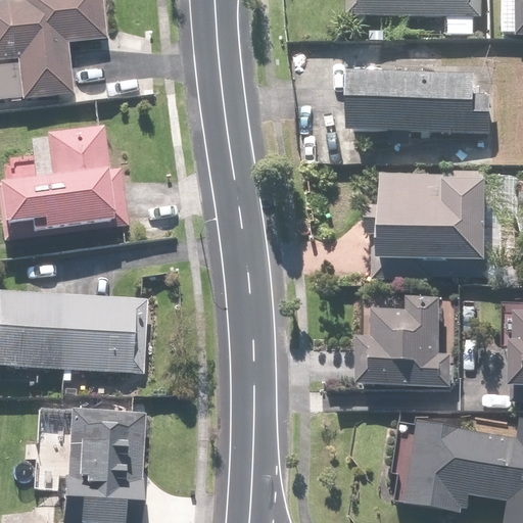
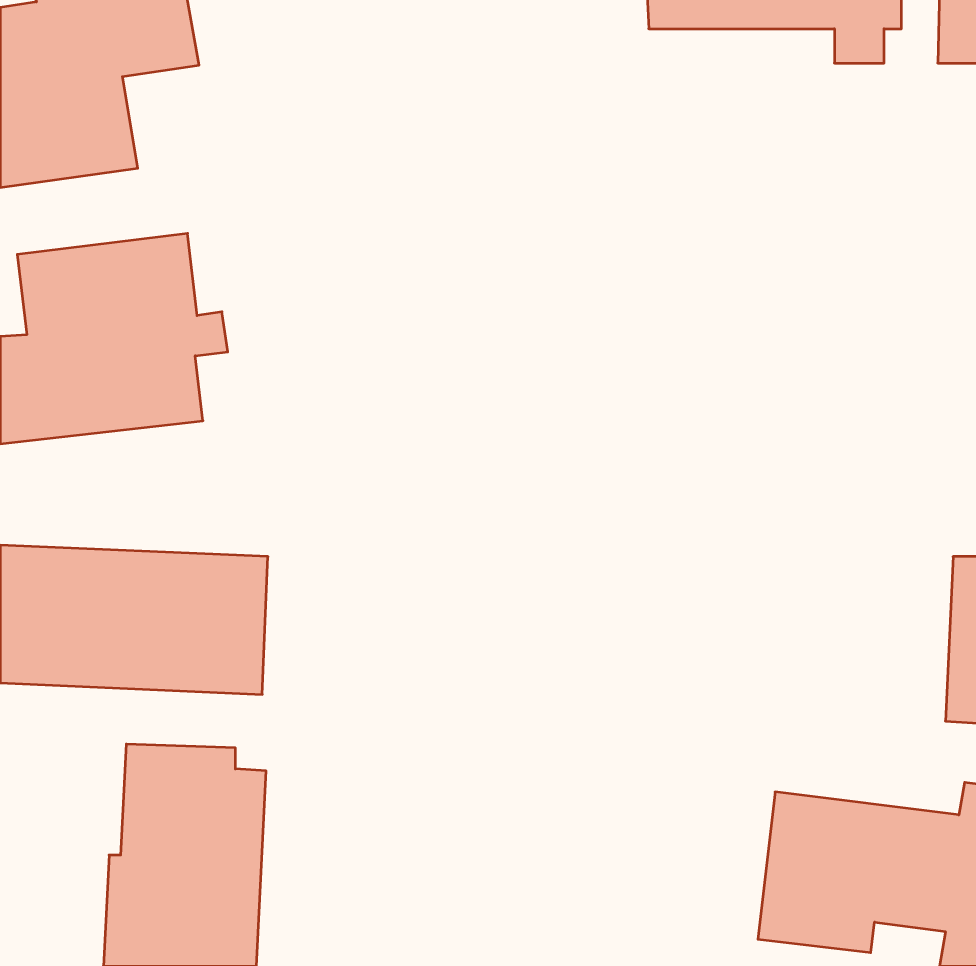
building: [350,78,489,135] -> none
building: [375,167,489,283] -> none
building: [356,299,454,391] -> none

